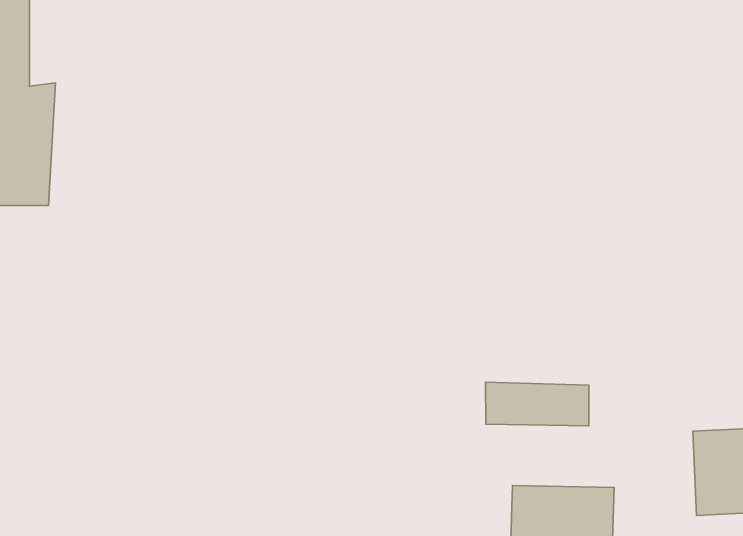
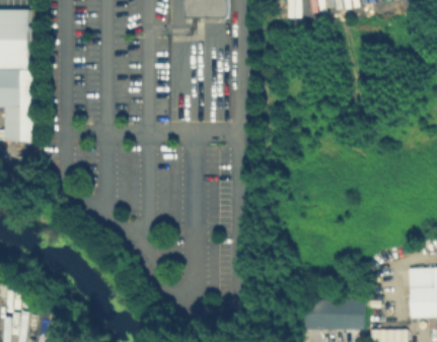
building: [486,382,589,426] -> none

